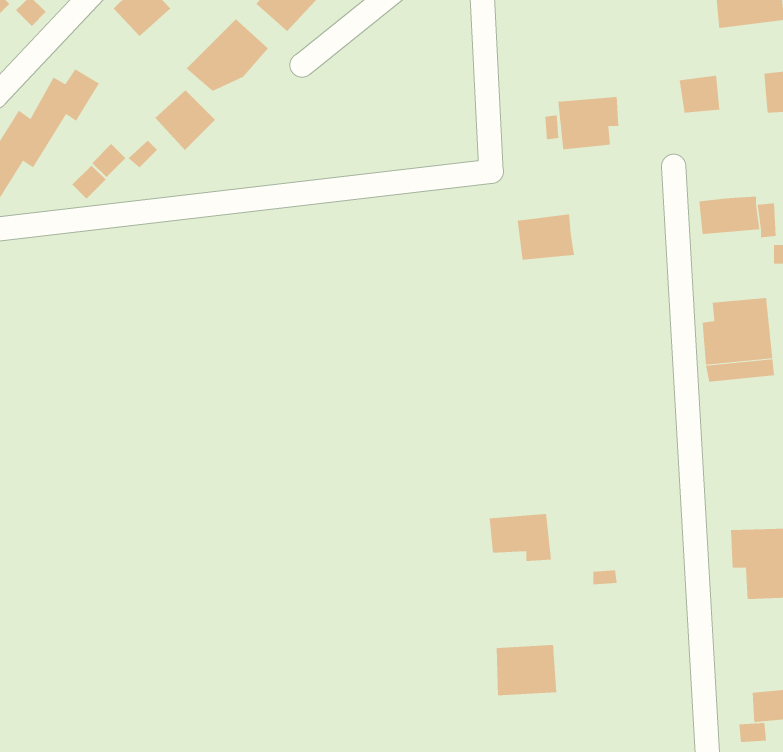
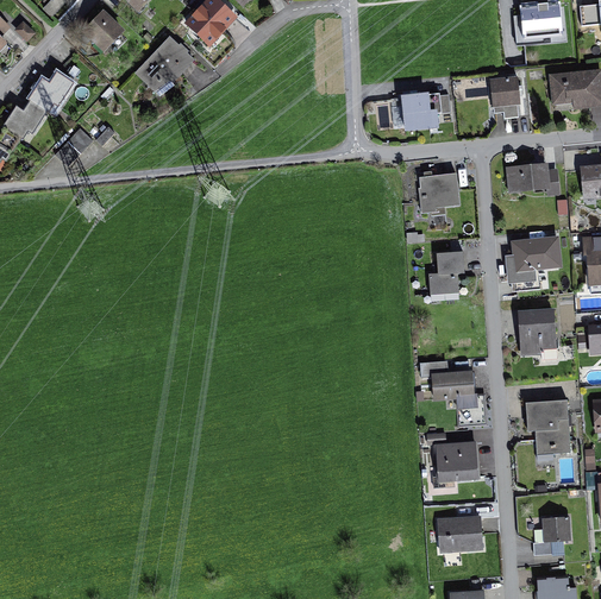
building: [154,90,216,151] -> none
building: [517,214,575,260] -> [419,174,461,207]
building: none -> [427,251,475,294]
building: none -> [518,309,557,353]
building: [489,513,552,561] -> [431,371,476,405]
building: none -> [432,440,475,480]
building: [496,644,557,696] -> [437,513,481,550]

